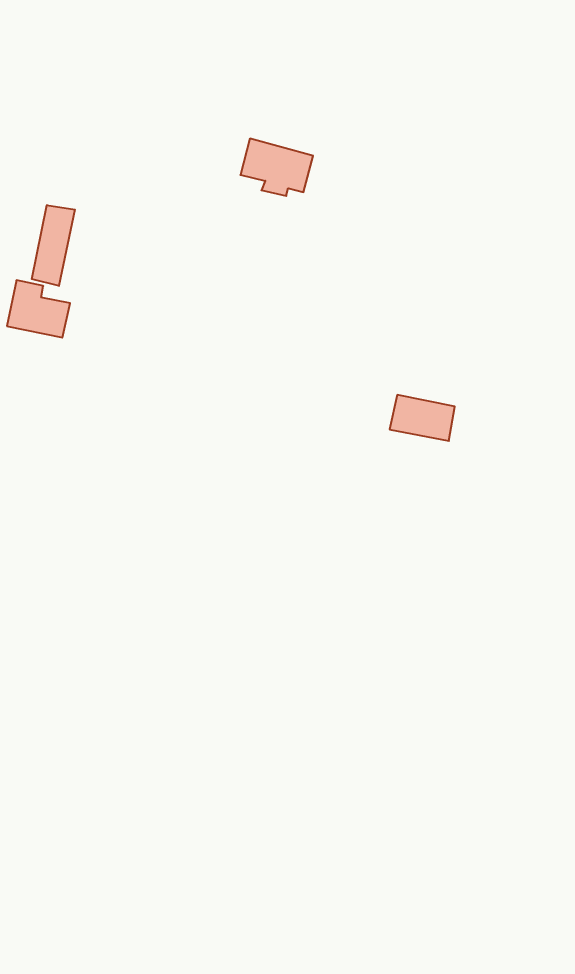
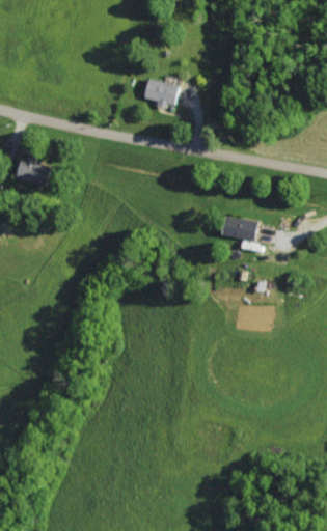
building: [32,205,75,286] -> none

